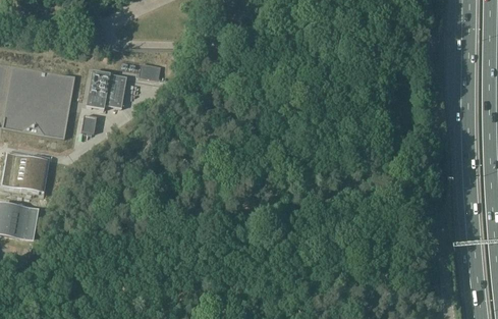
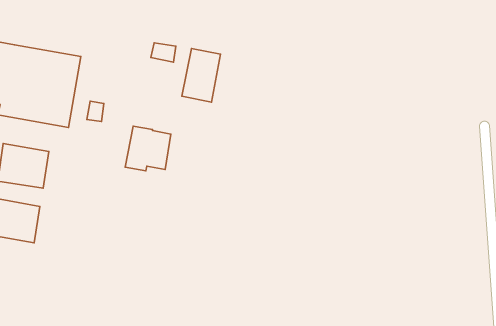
building: none -> [182,49,220,102]
building: [86,69,126,109] -> [125,126,171,171]

